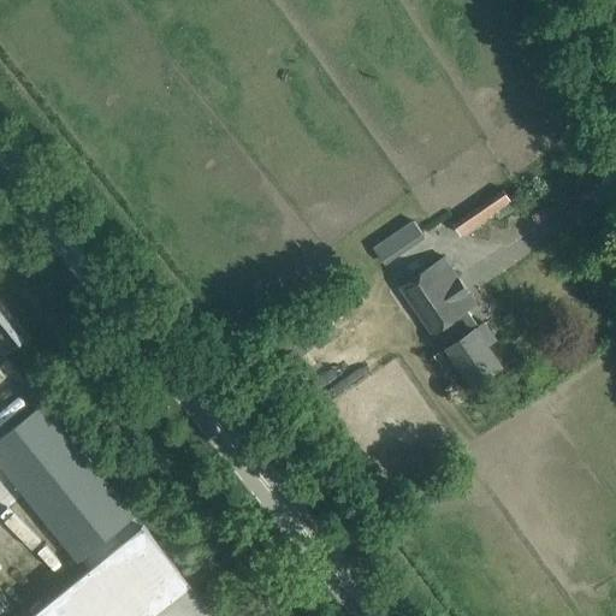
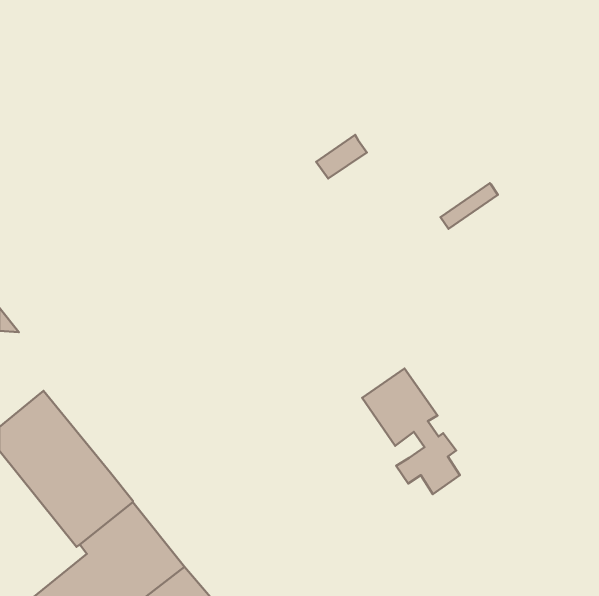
building: [372,223,424,267] -> [316,135,367,178]
building: [399,259,499,387] -> [362,369,460,494]

